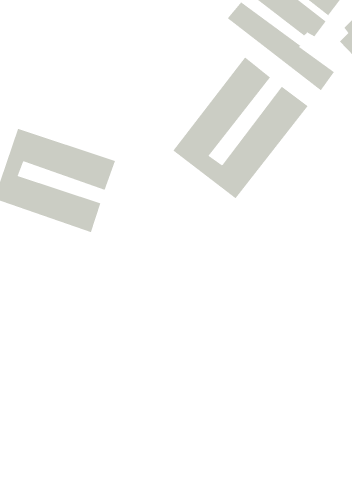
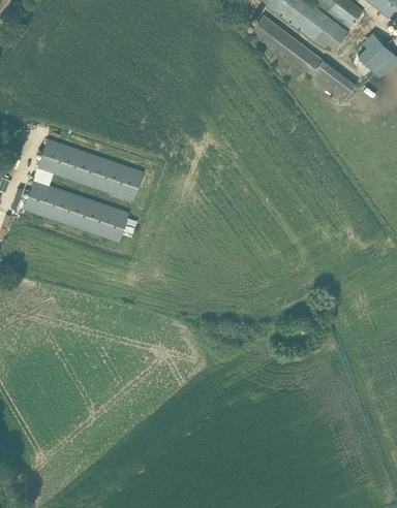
building: [173,57,309,199] -> none

